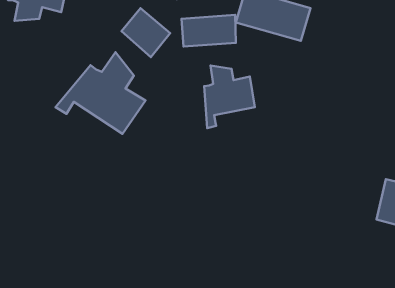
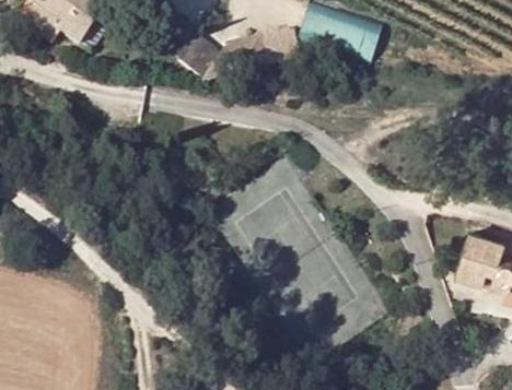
building: [55,52,145,134] -> none
building: [204,66,255,128] -> none

